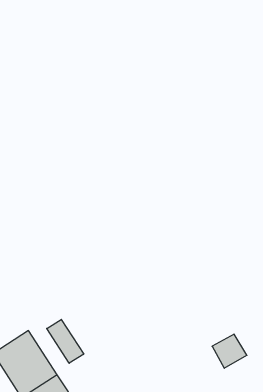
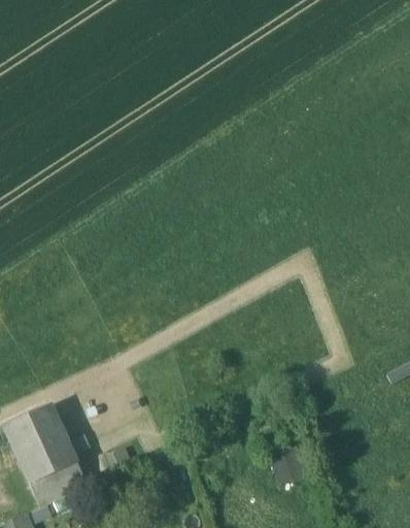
building: [47,319,84,363] -> none

